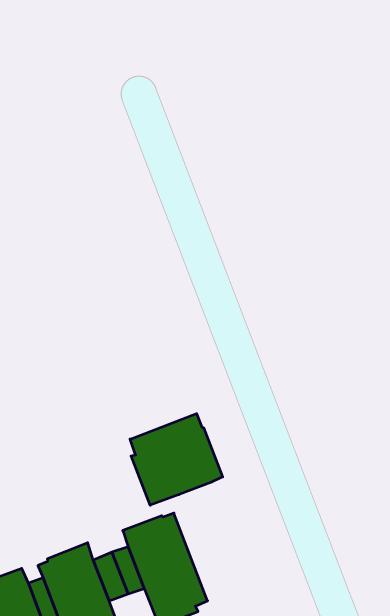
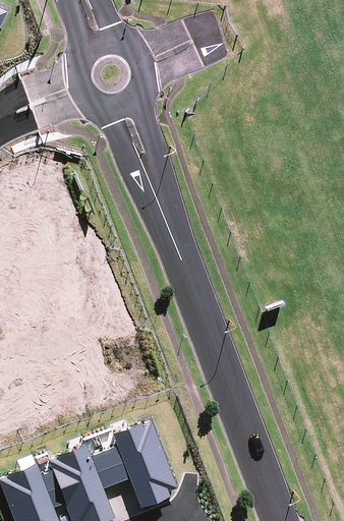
building: [130,414,223,505] -> none

